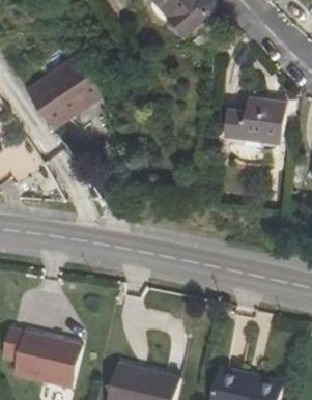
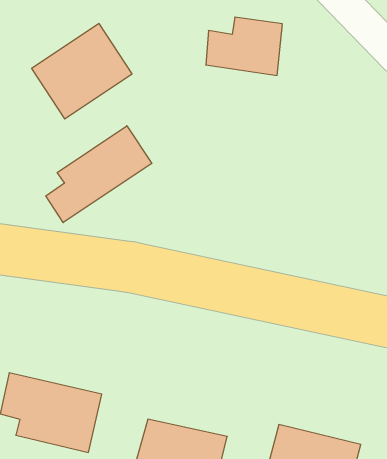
building: [226,97,286,143] -> [206,17,282,75]
building: none -> [46,126,152,223]

